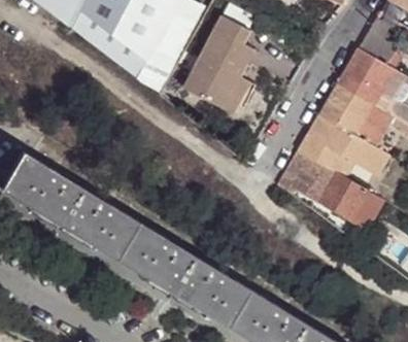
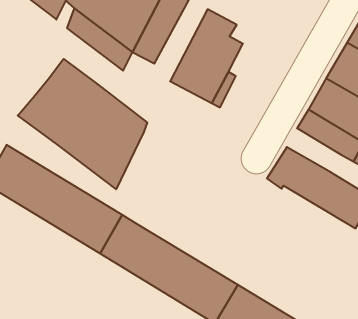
building: none -> [18,59,147,189]
building: [299,134,352,177] -> none

